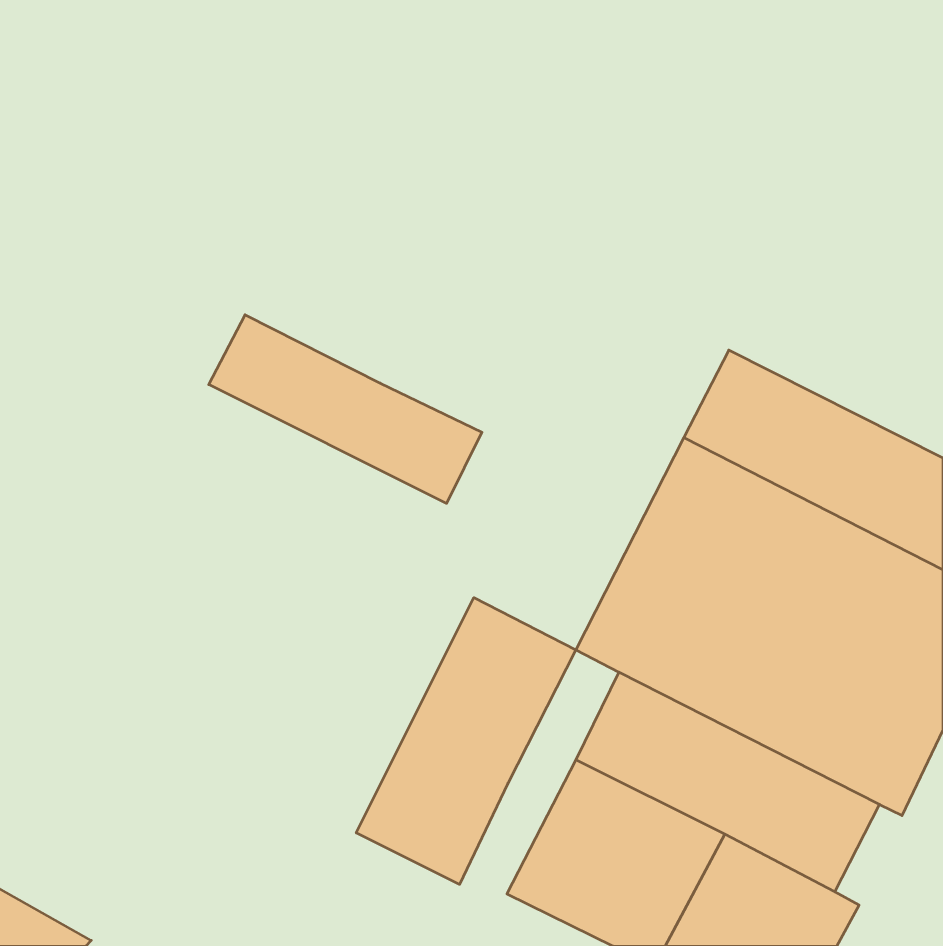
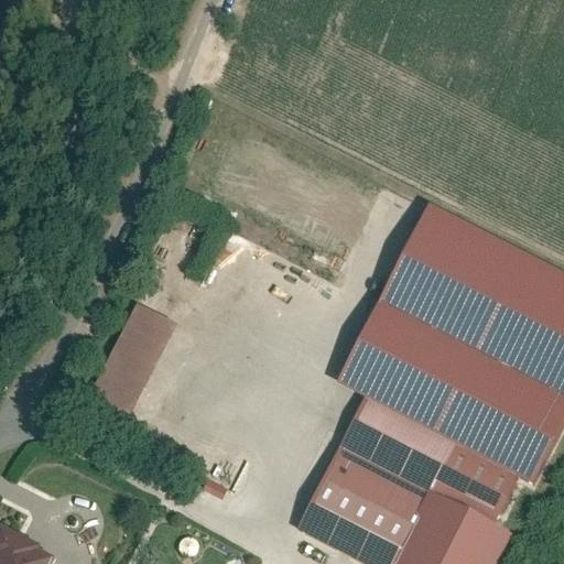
building: [209,315,482,503] -> none
building: none -> [88,303,176,420]
building: [356,598,576,884] -> none

